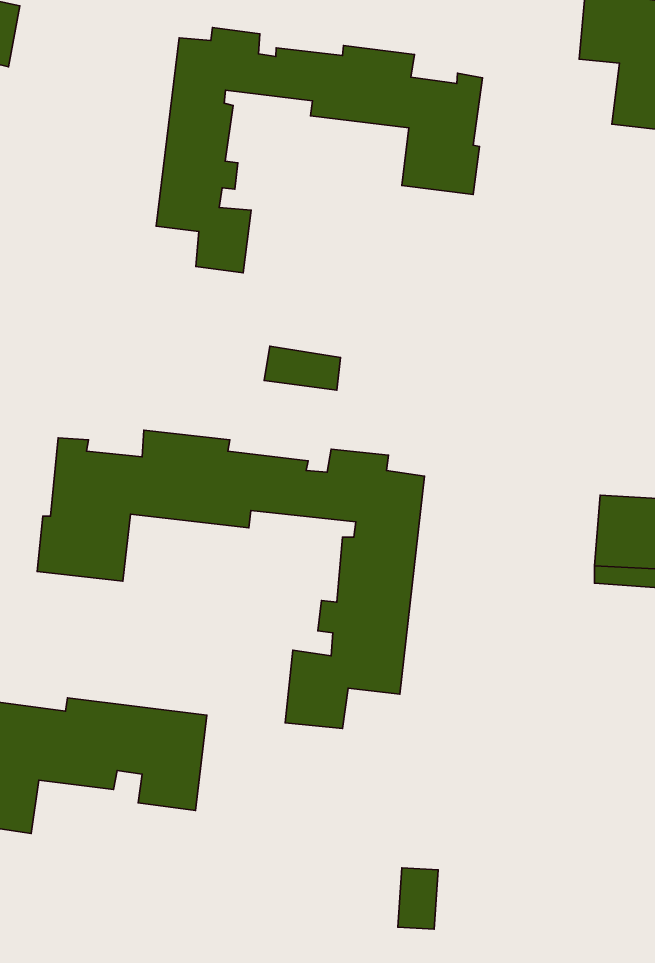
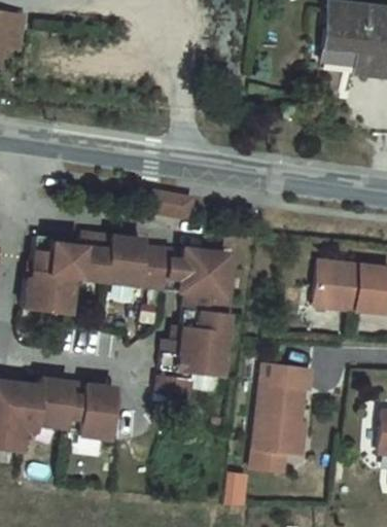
building: [156,27,482,273] -> none
building: none -> [255,361,316,457]

